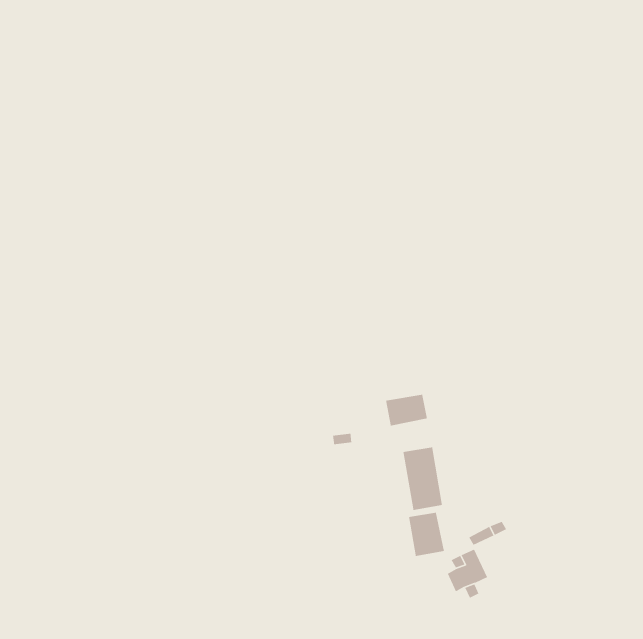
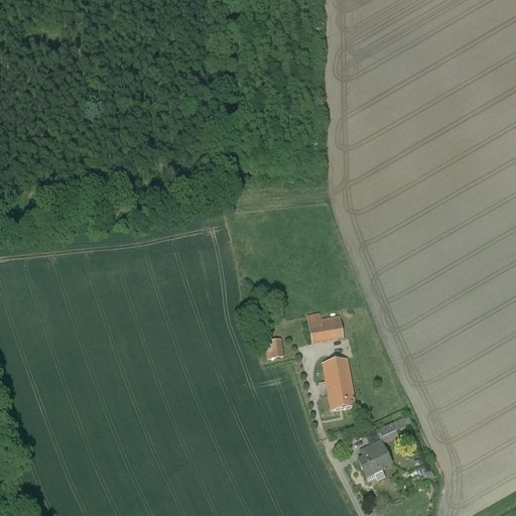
building: [408,512,445,557] -> none

